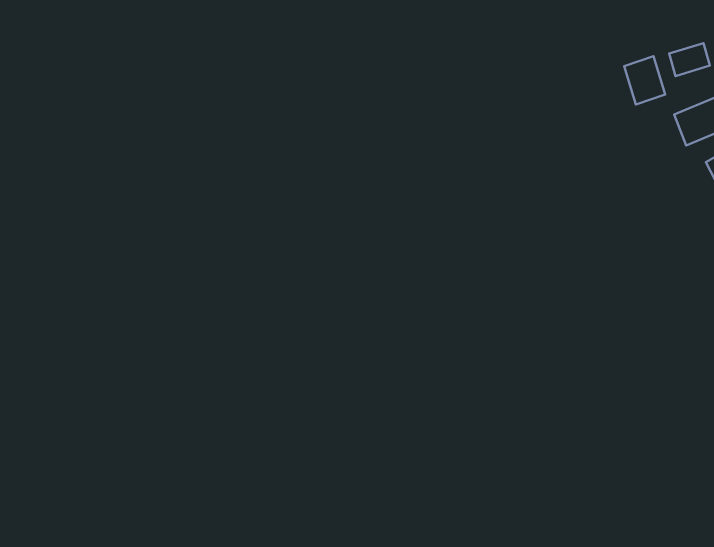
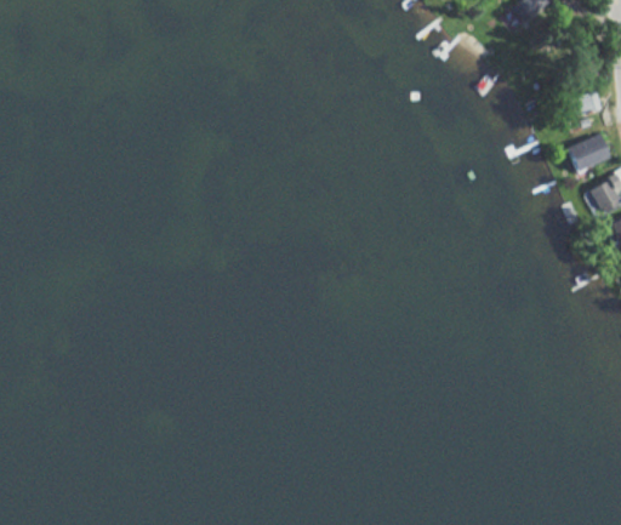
building: [624,56,665,104] -> none

